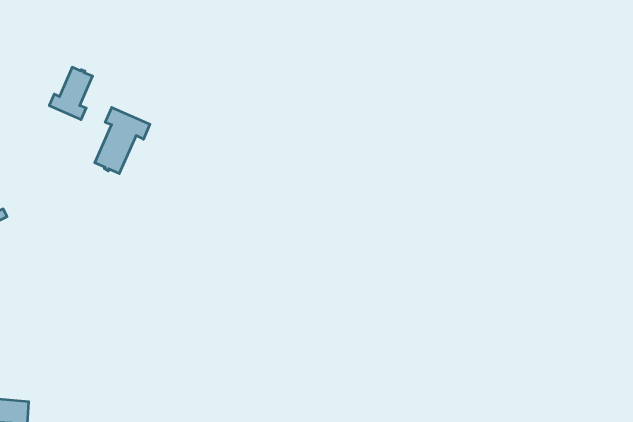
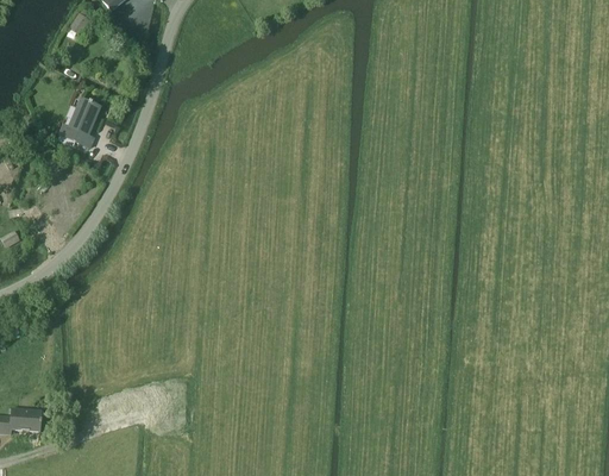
building: [95,107,150,174] -> none

